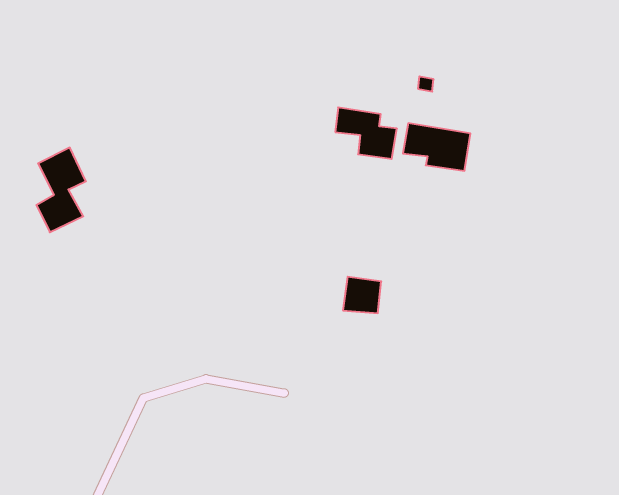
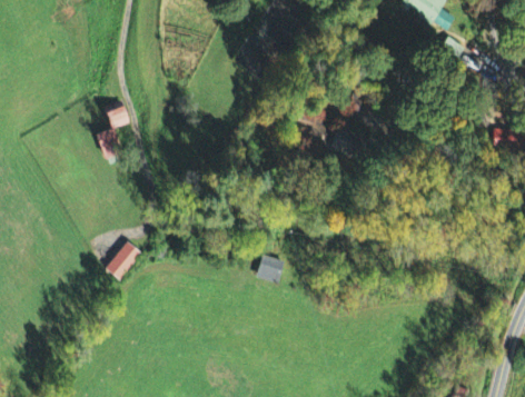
building: [343,277,381,313] -> [257,252,285,279]
building: none -> [108,240,145,278]

